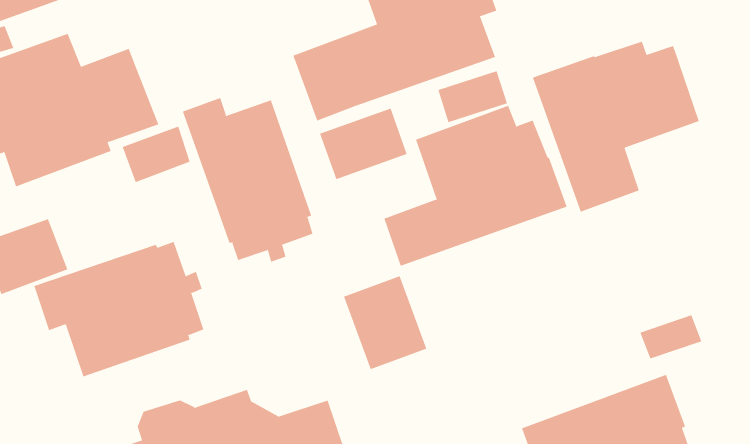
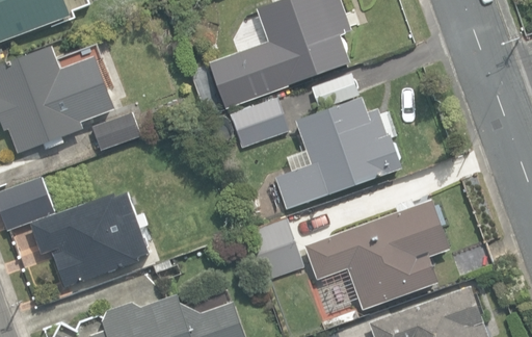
building: [532,41,699,213] -> none
building: [182,97,313,263] -> none
building: none -> [302,199,449,309]

